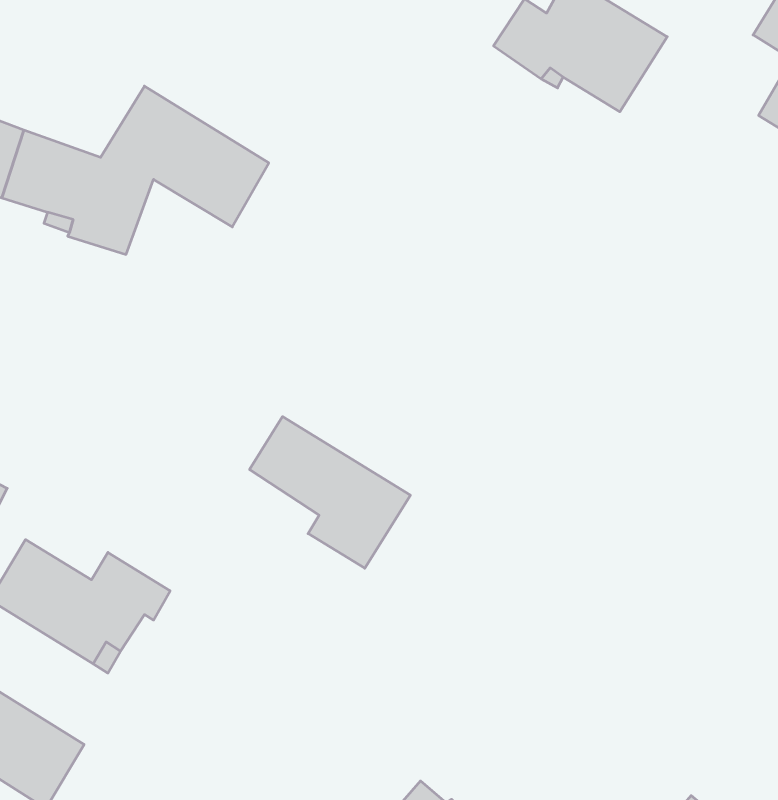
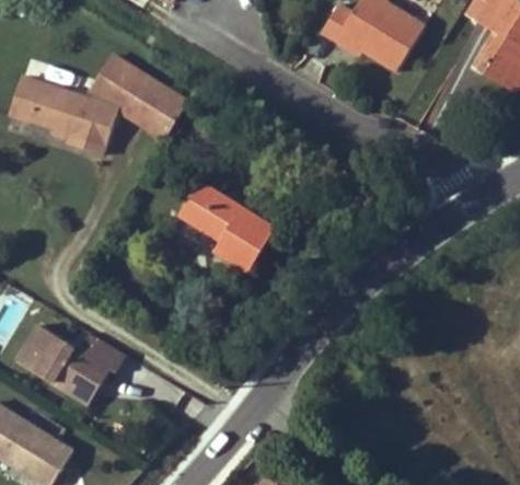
building: [250,417,410,568] -> [180,181,276,272]

